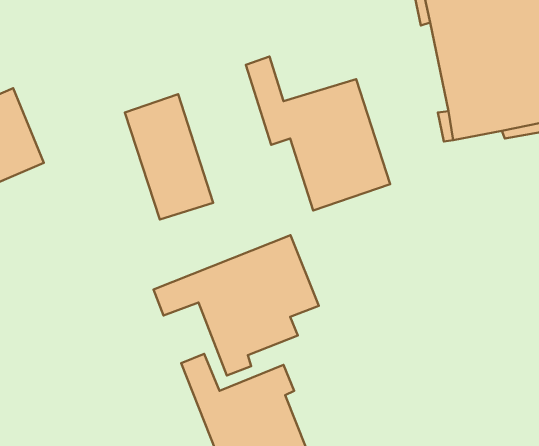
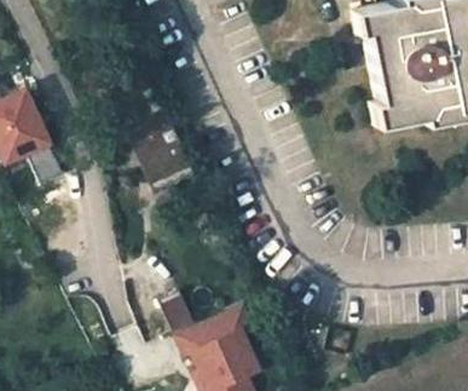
building: [246,56,390,211] -> none
building: [153,235,319,375] -> none

